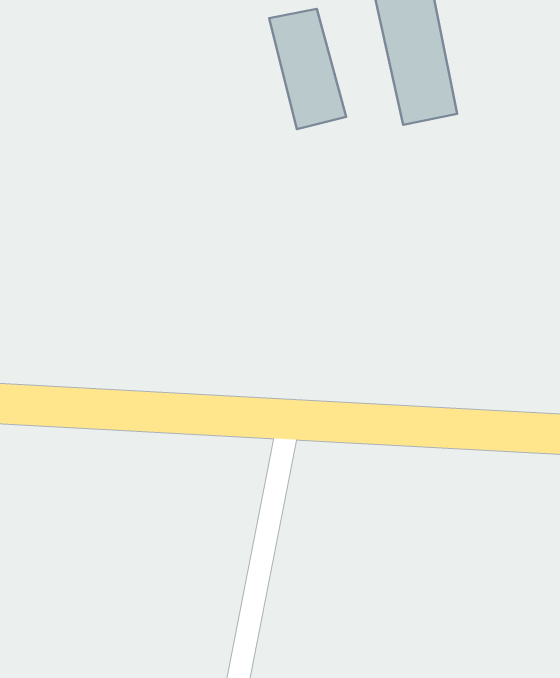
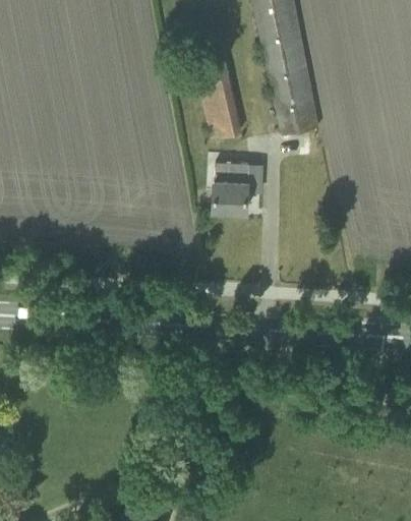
building: none -> [213,160,249,210]

